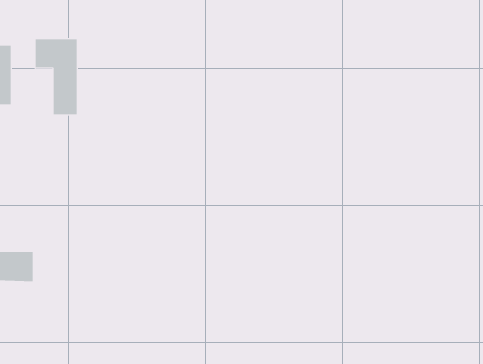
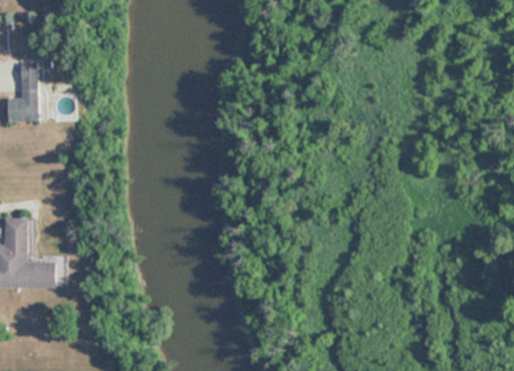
building: [35,39,77,115] -> none

